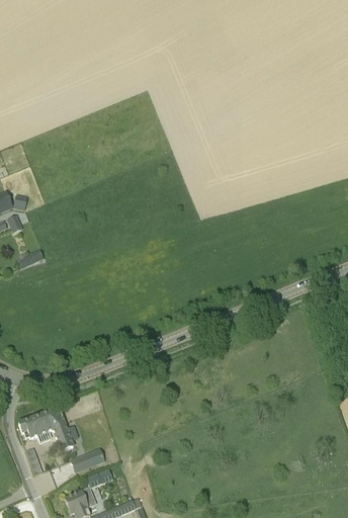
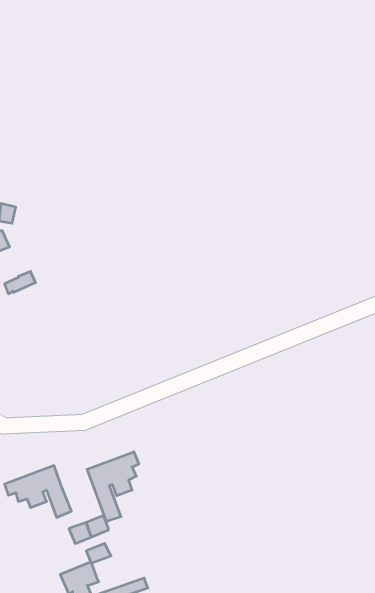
building: none -> [87,452,139,521]

